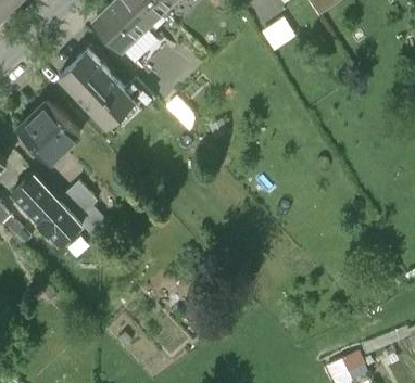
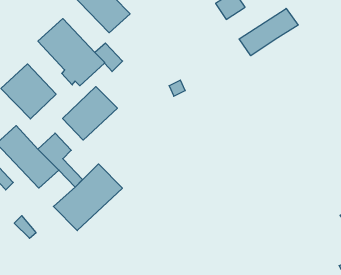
building: none -> [239,8,298,56]
building: none -> [63,87,117,140]
building: none -> [53,164,122,231]

